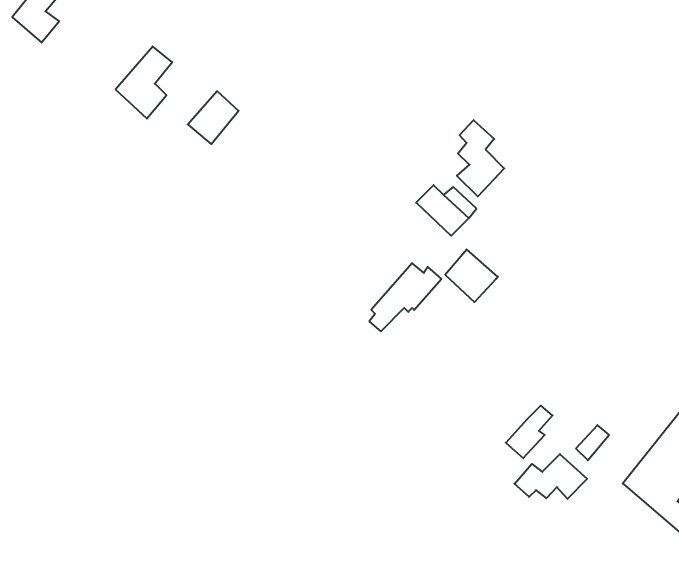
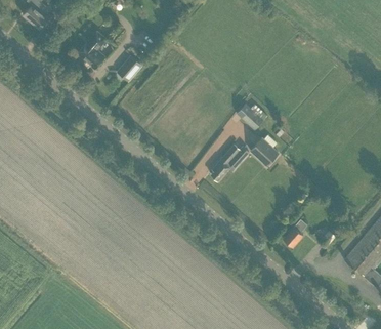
building: [457,120,504,196] -> none
building: [514,454,587,499] -> none

